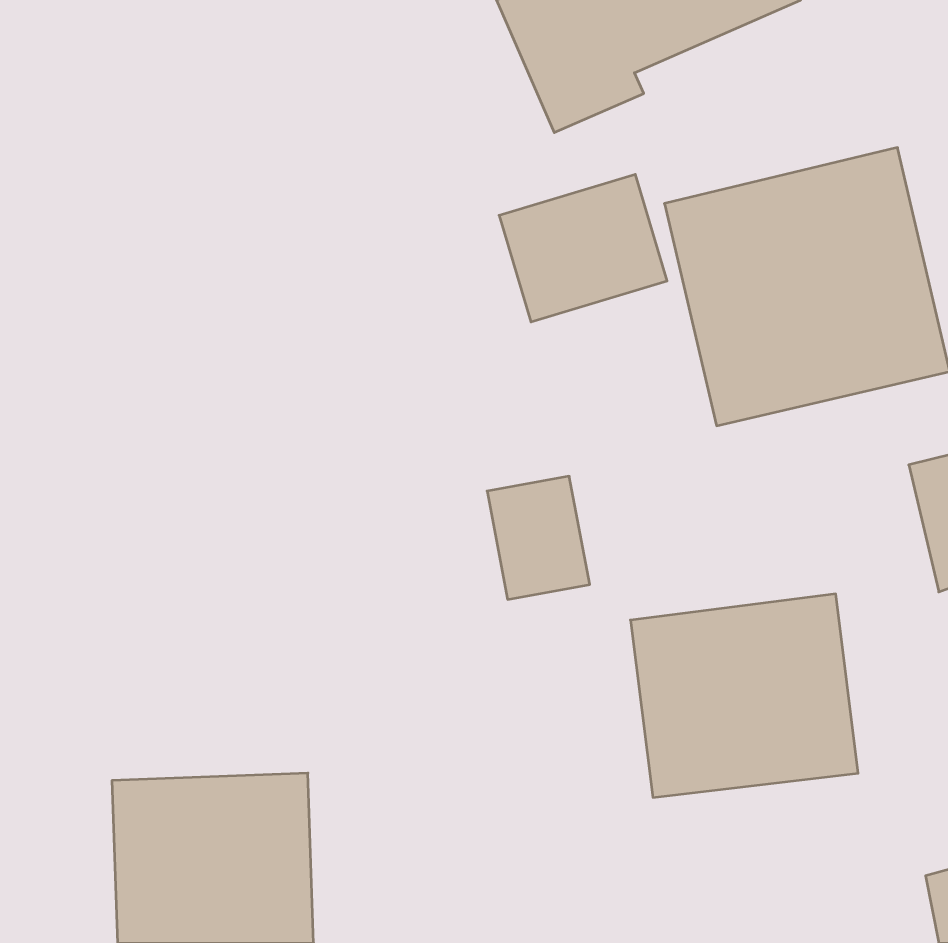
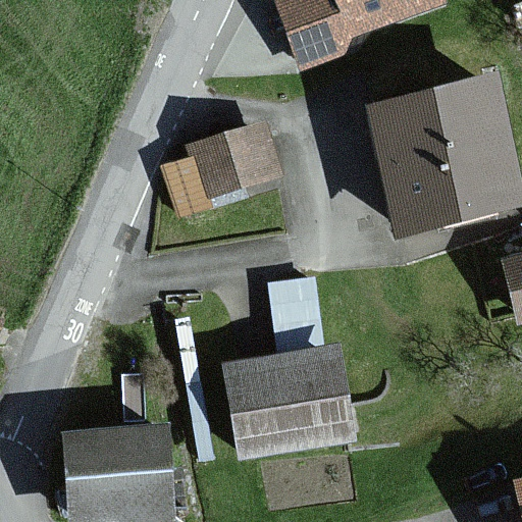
building: [499,174,667,322] -> [194,122,285,203]
building: [630,594,858,797] -> [228,347,353,458]

